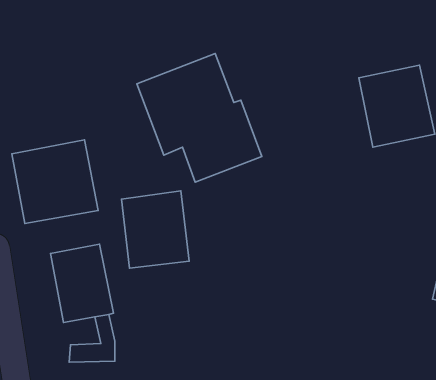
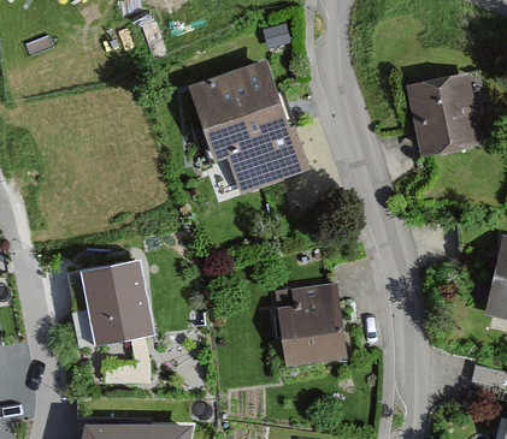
building: [12,140,98,223] -> none
building: [121,191,189,268] -> [273,285,343,364]

